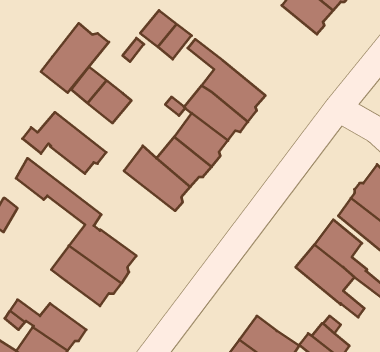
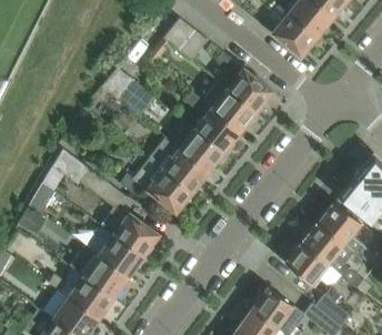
building: none -> [272,13,320,58]
building: [41,23,109,93] -> none
building: [22,112,106,174] -> [120,160,194,214]
building: none -> [285,245,341,288]
building: none -> [70,247,128,301]

